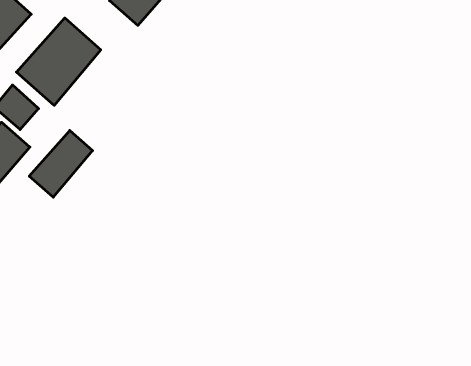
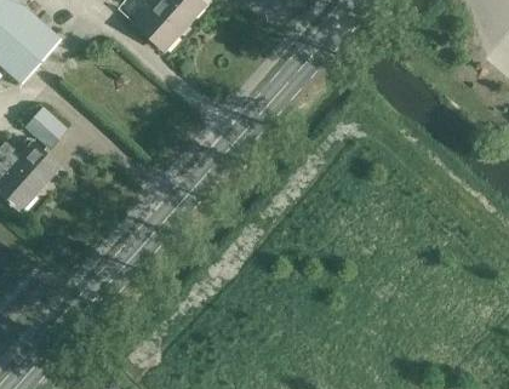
building: [16,18,101,105] -> none
building: [29,130,93,197] -> none

